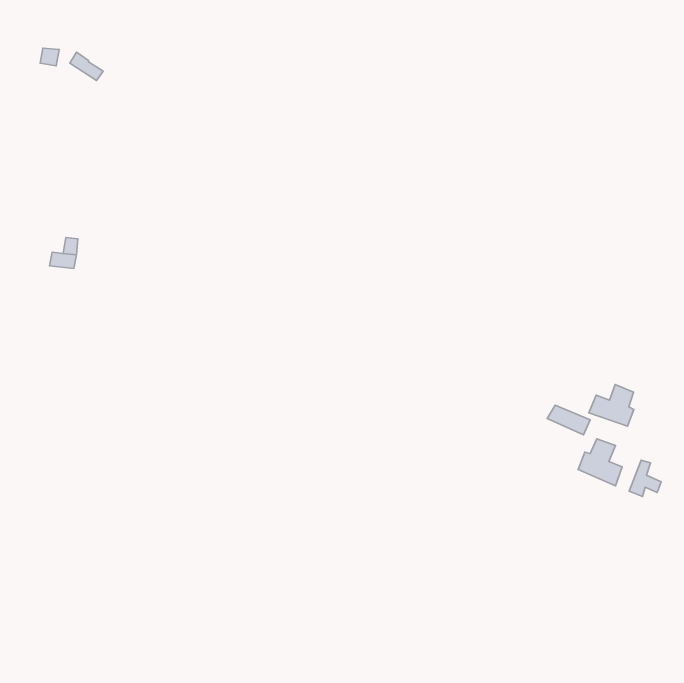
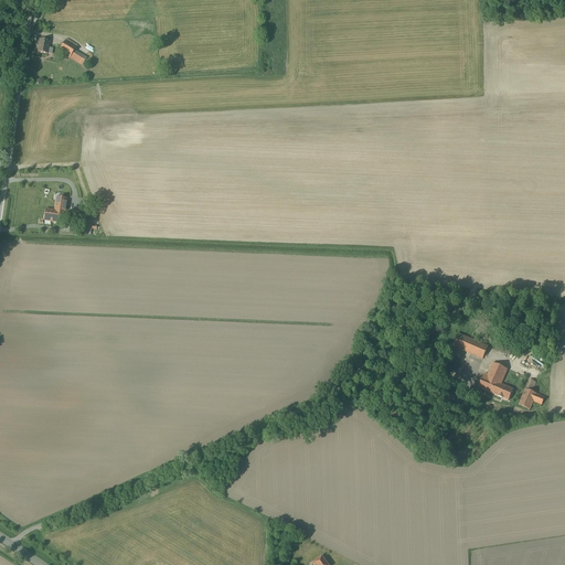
building: [589,385,634,426] -> none

